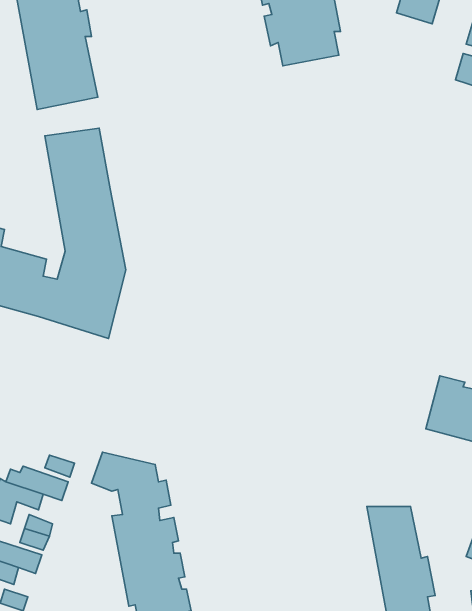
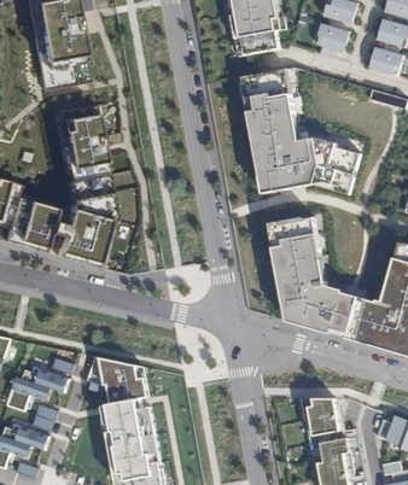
building: none -> [316,23,349,51]
building: none -> [246,69,361,193]
building: none -> [275,216,357,337]

